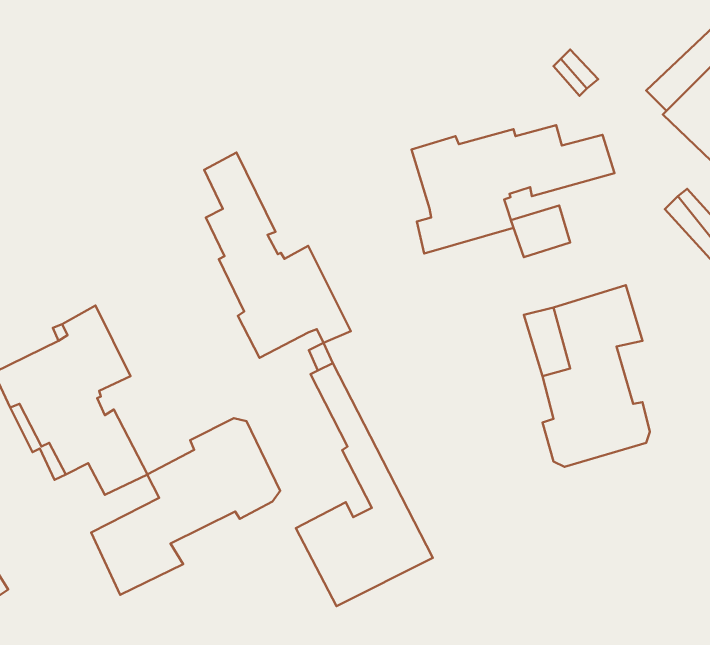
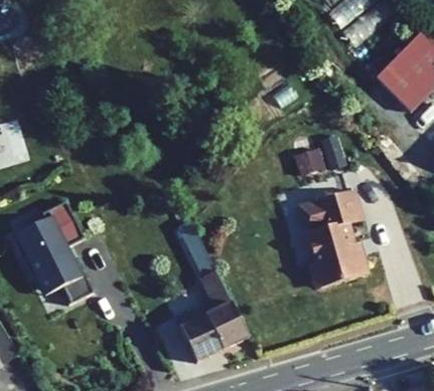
building: [412,125,615,254] -> none
building: [204,153,351,358] -> none
building: [91,418,280,595] -> none

